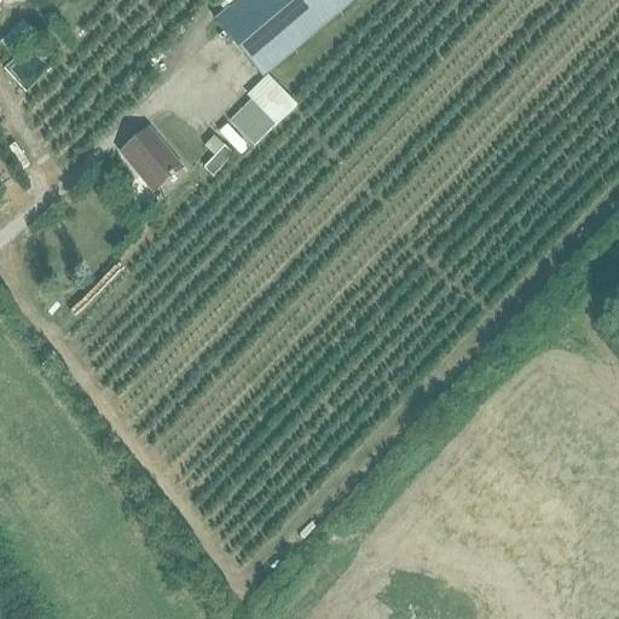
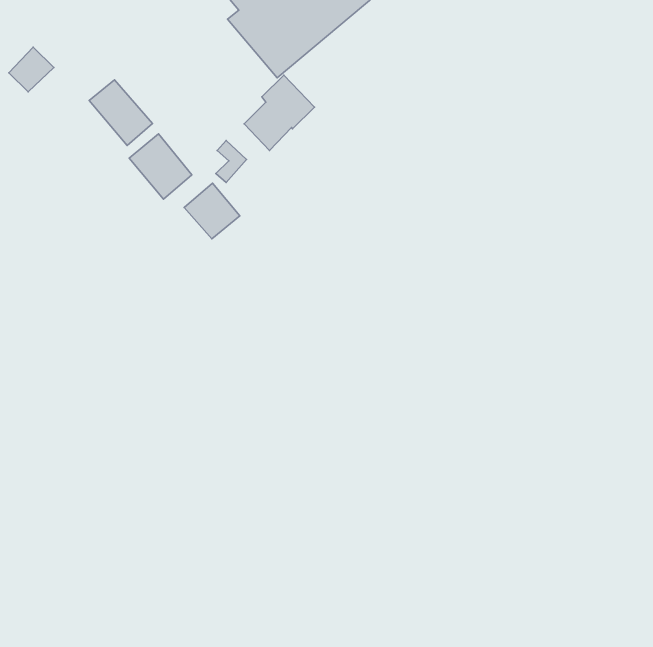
building: none -> [89,80,153,146]
building: none -> [184,183,240,239]

